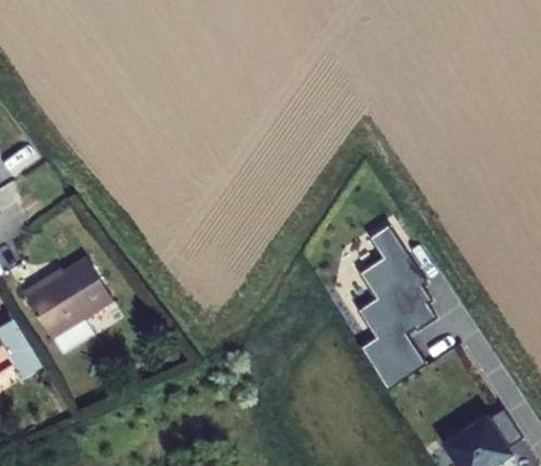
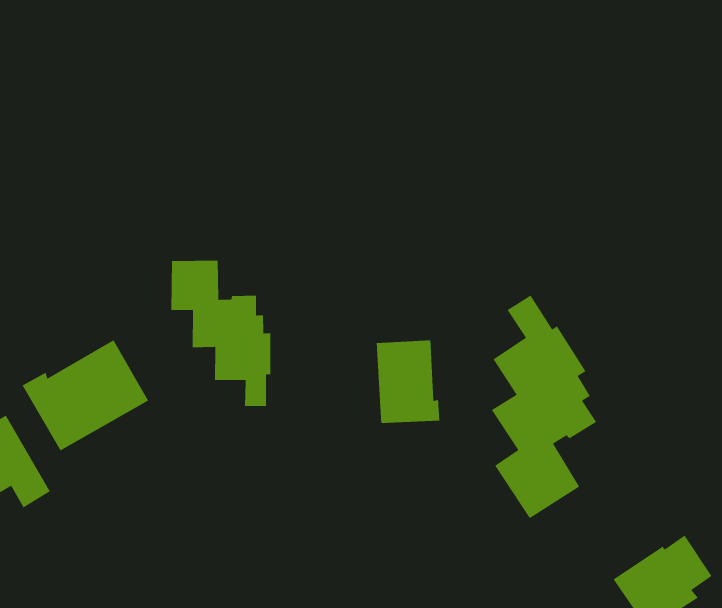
building: none -> [171,260,271,407]
building: none -> [376,340,440,424]

